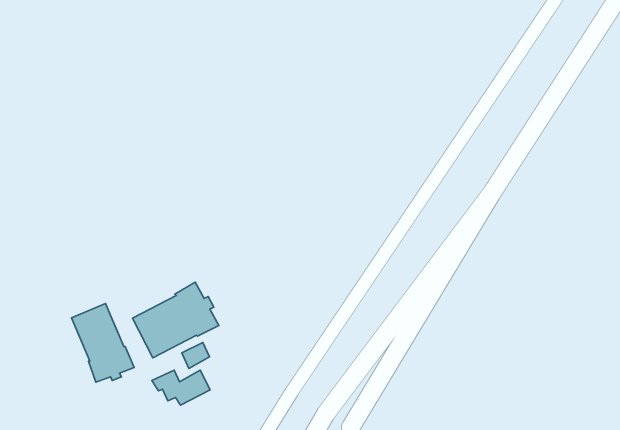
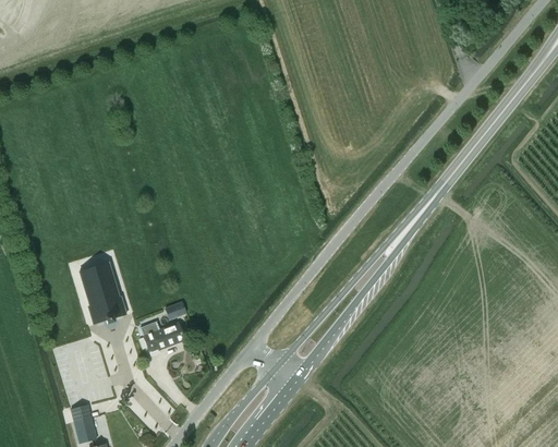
building: [133,282,219,358] -> none

